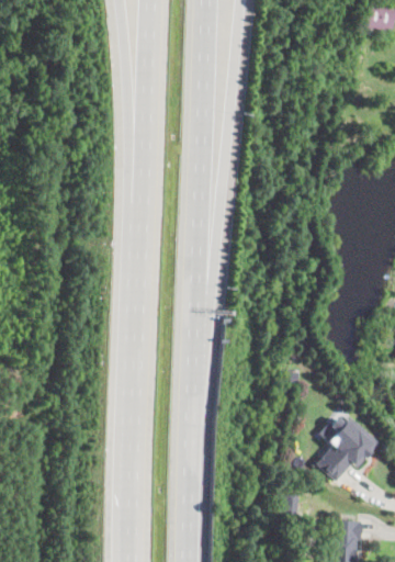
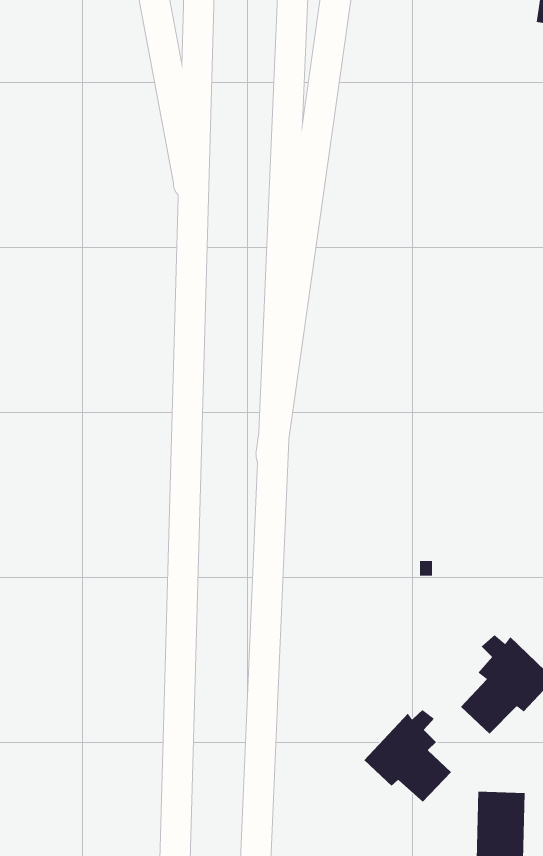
building: none -> [364,709,452,803]

